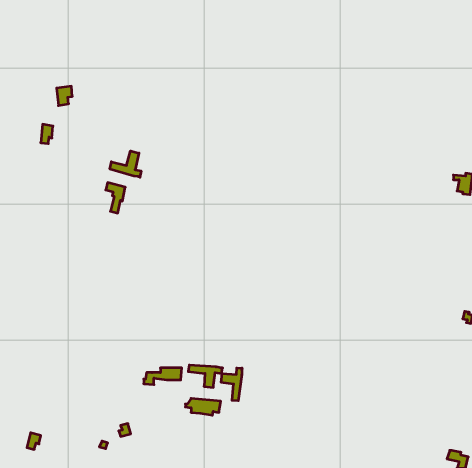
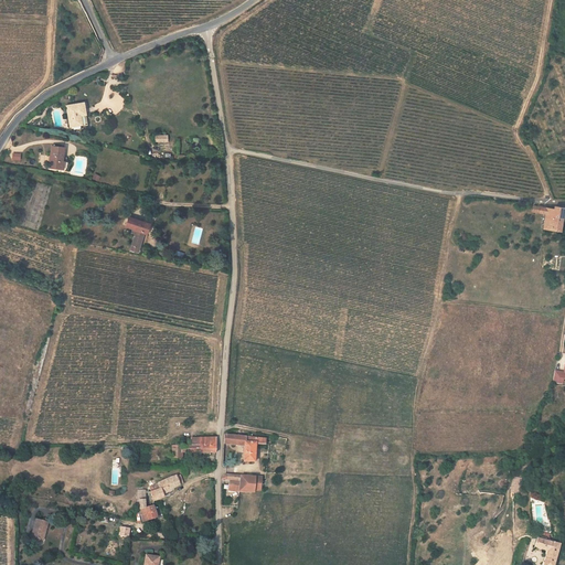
building: [110,151,141,177] -> none
building: [221,368,242,401] -> none
building: none -> [148,473,182,500]

